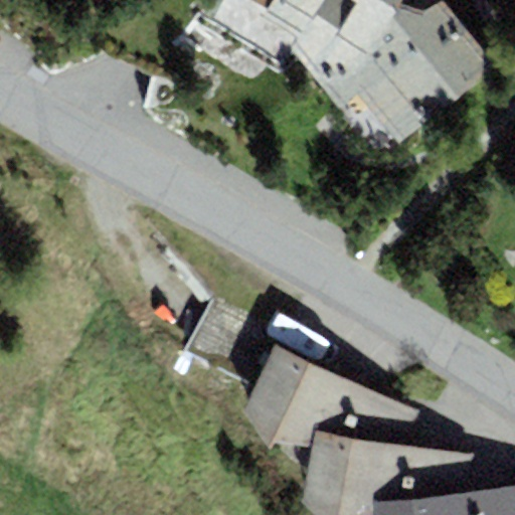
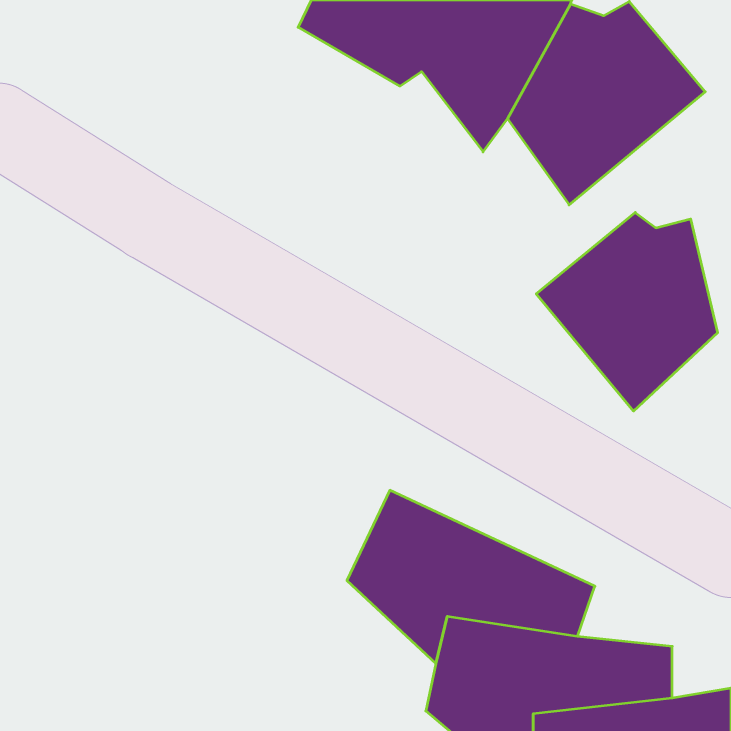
building: none -> [536,212,718,411]

